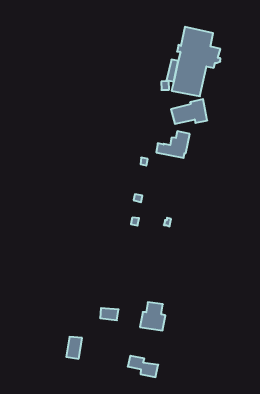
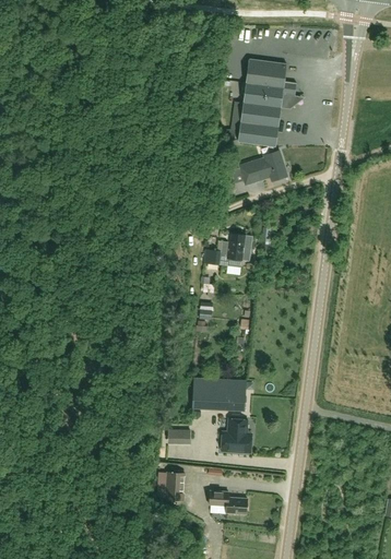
building: [156,131,190,158] -> [205,233,247,266]
building: none -> [192,378,247,411]
building: [66,337,82,359] -> [166,473,185,500]

